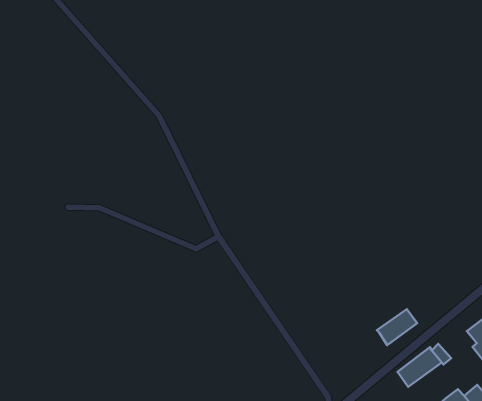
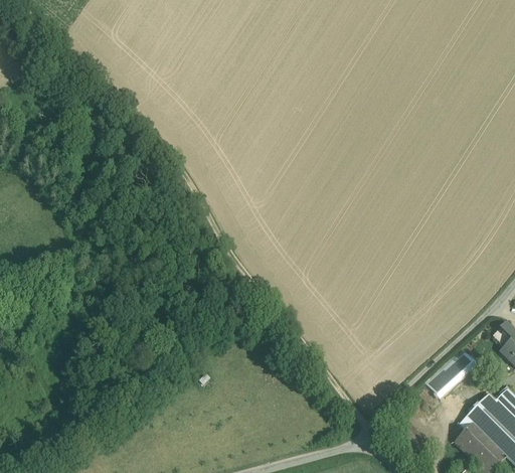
building: [377,309,417,345] -> none

